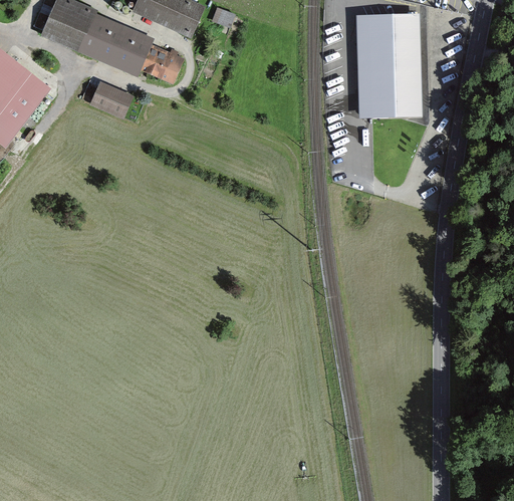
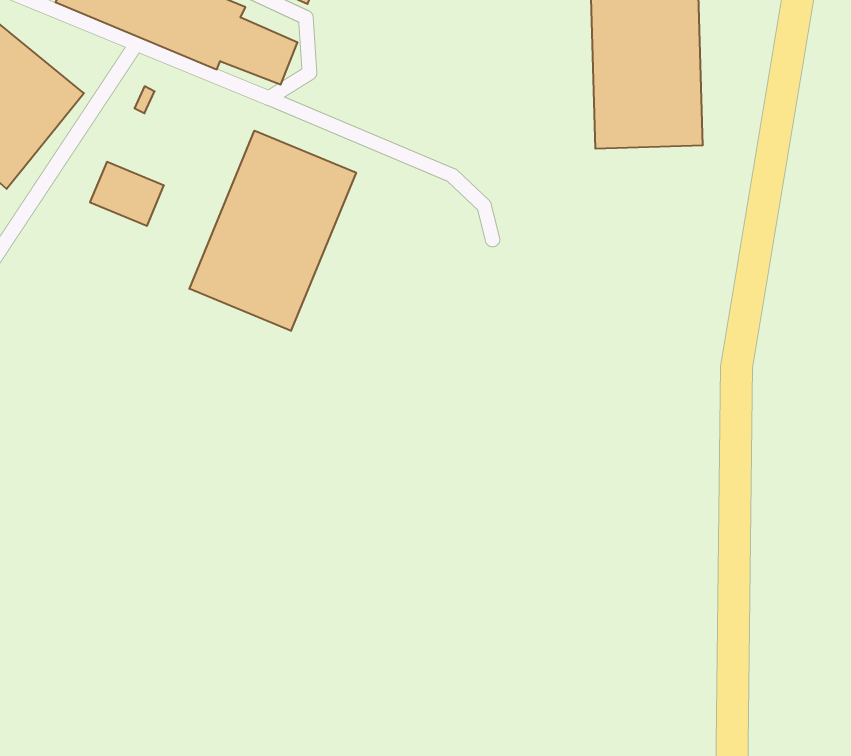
building: [89,80,134,118] -> [90,162,164,226]
building: none -> [189,131,356,331]

